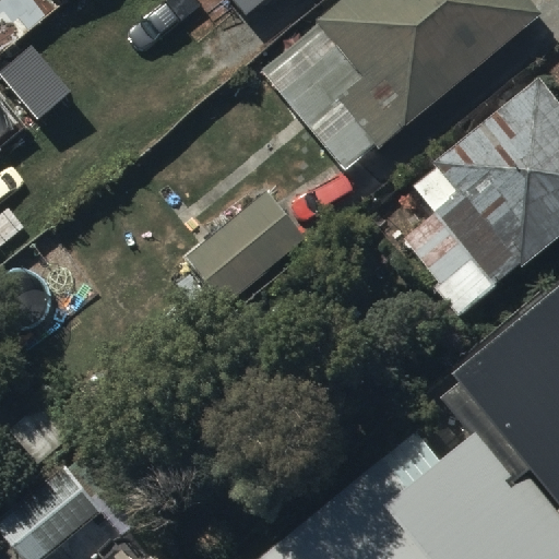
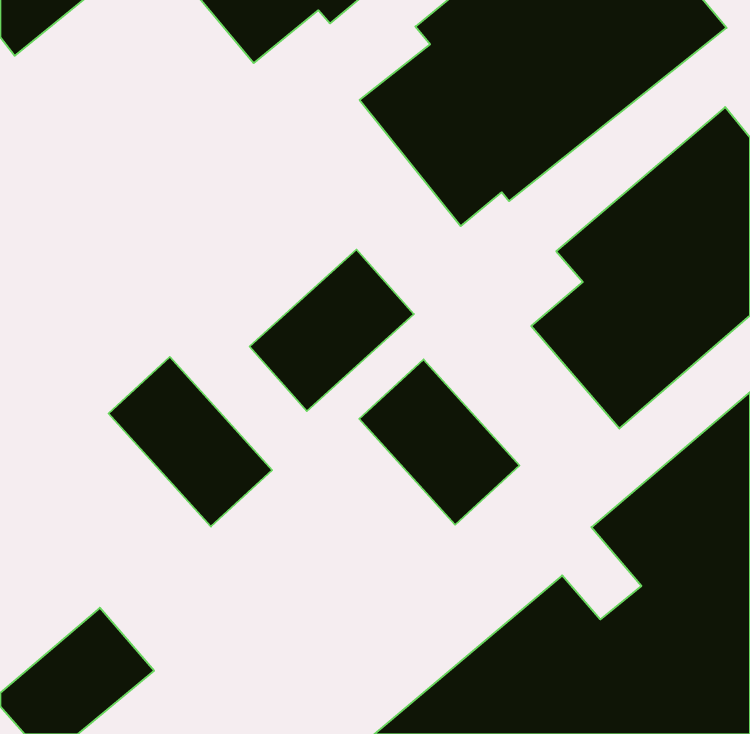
building: none -> [109,357,272,527]
building: none -> [359,359,519,525]

